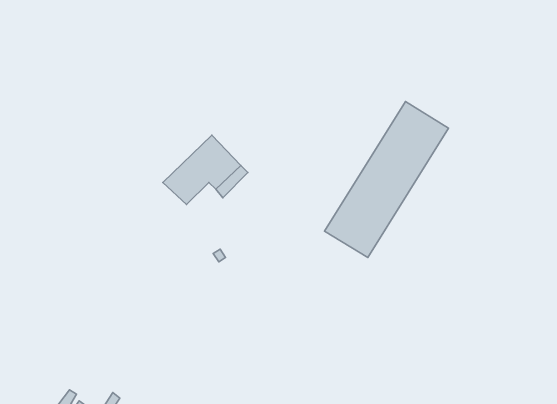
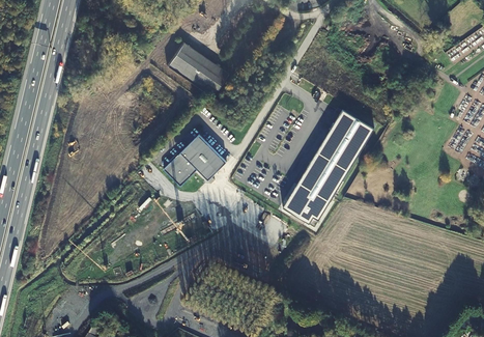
building: none -> [167,41,229,96]

